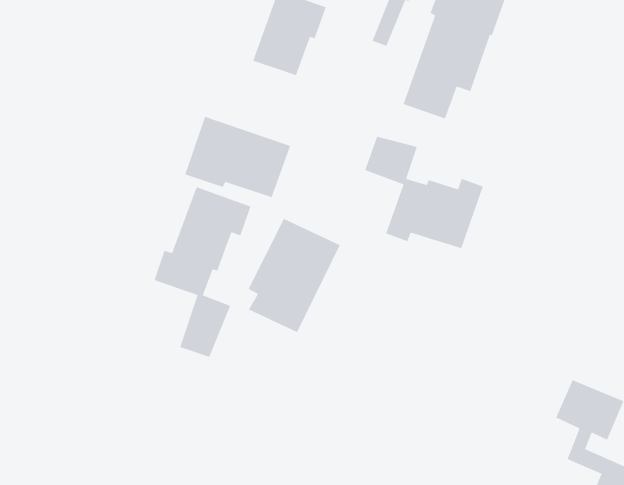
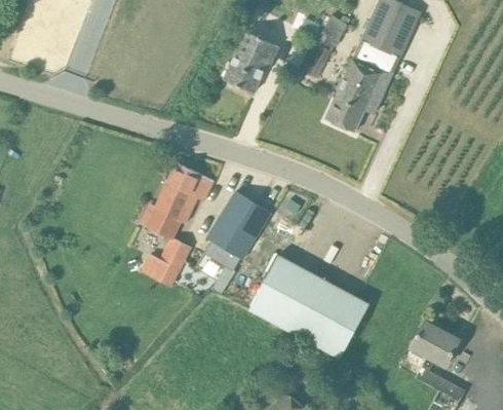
building: [184,116,291,198] -> none
building: [364,136,484,249] -> none
building: none -> [247,255,367,359]

